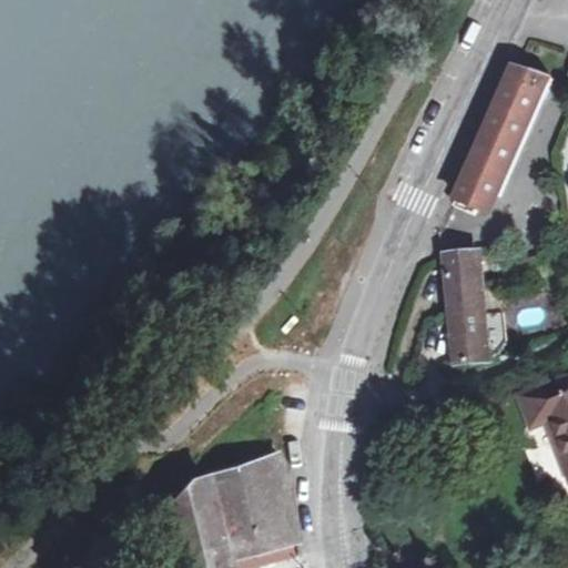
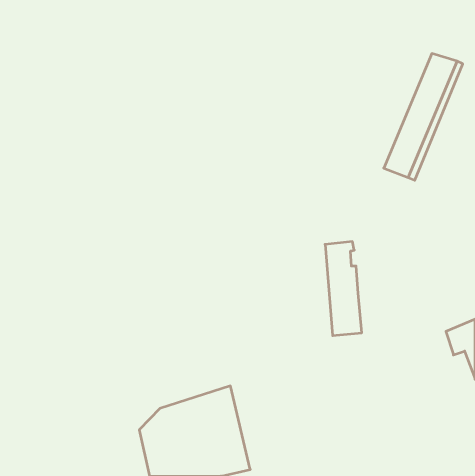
building: [447,250,490,361] -> [325,242,362,336]

